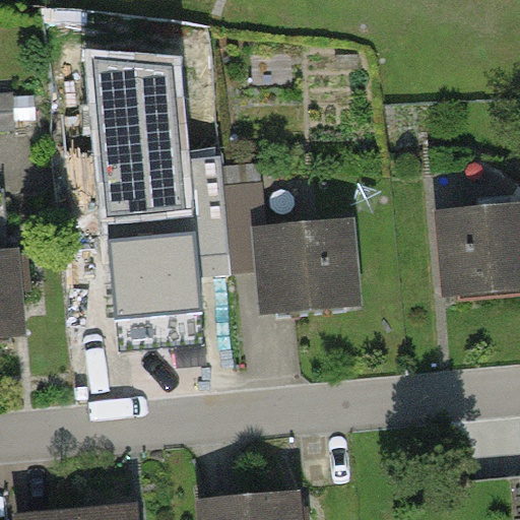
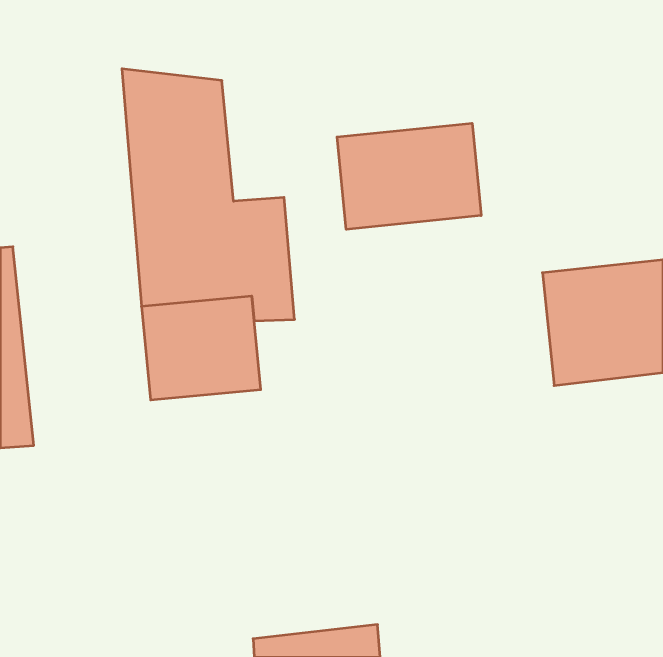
building: none -> [337,123,481,229]
building: [241,220,349,317] -> none

